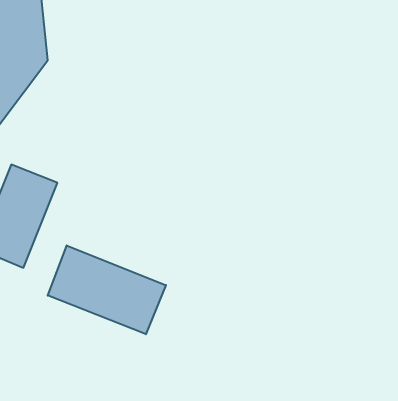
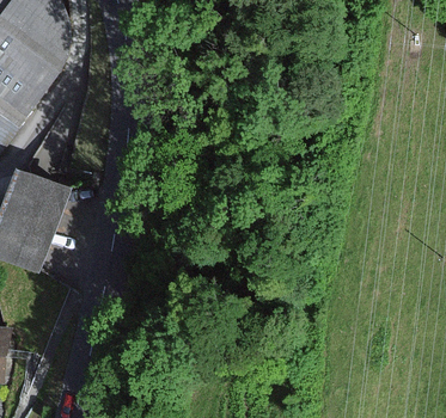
building: [48,245,166,334] -> none

